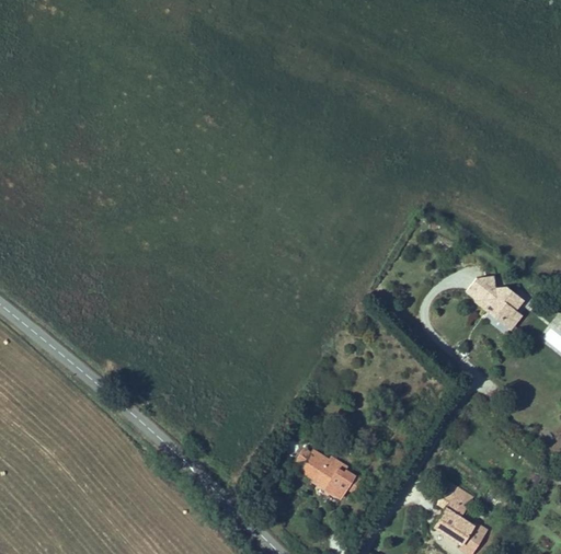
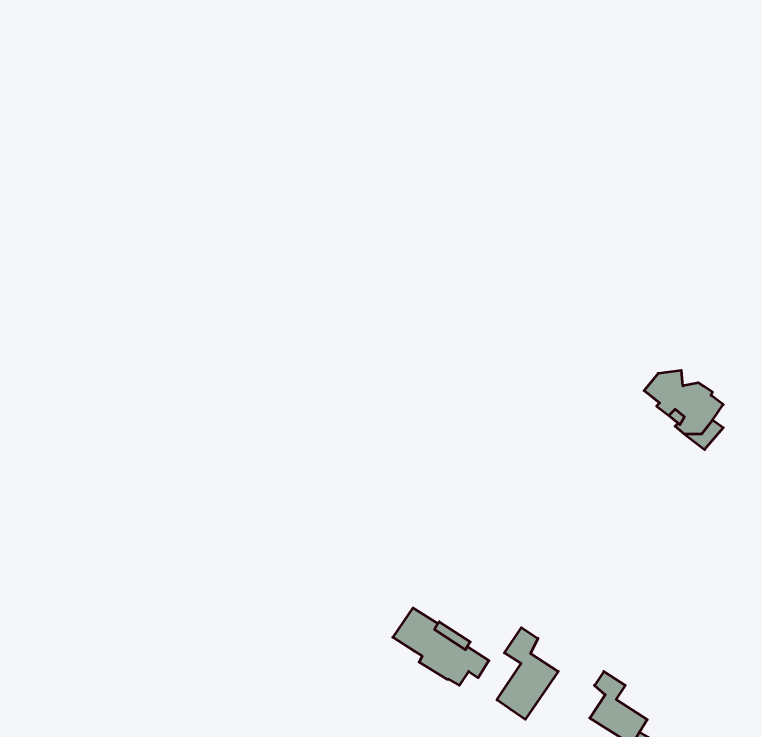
building: none -> [497,628,558,719]

